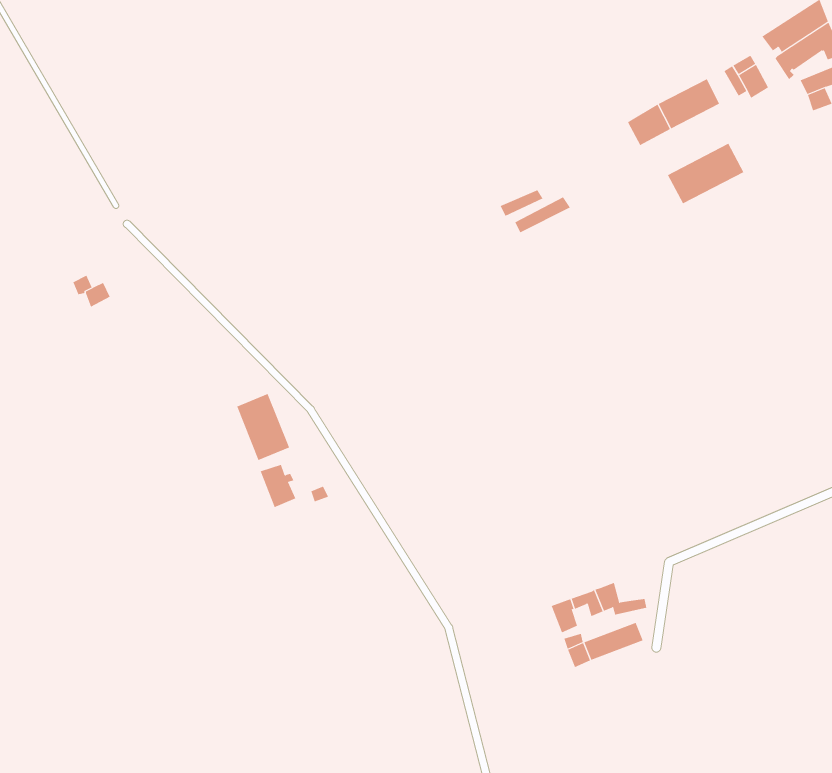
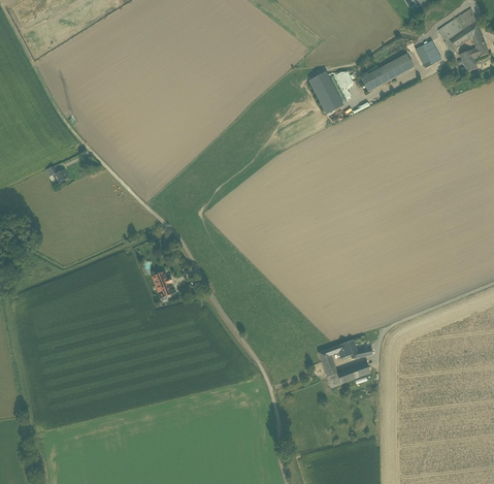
building: none -> [309,71,343,112]
building: [667,143,744,204] -> none
building: [236,393,290,461] -> none

